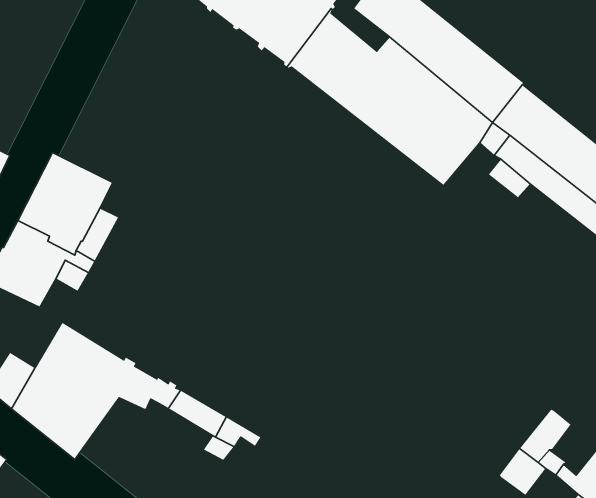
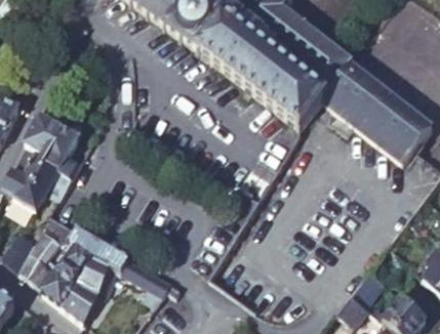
building: none -> [59,264,115,322]

